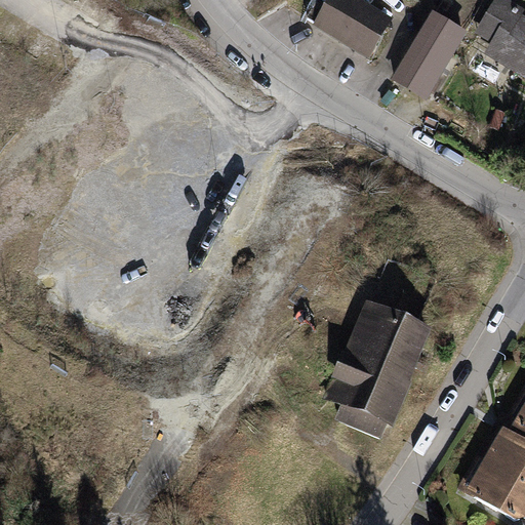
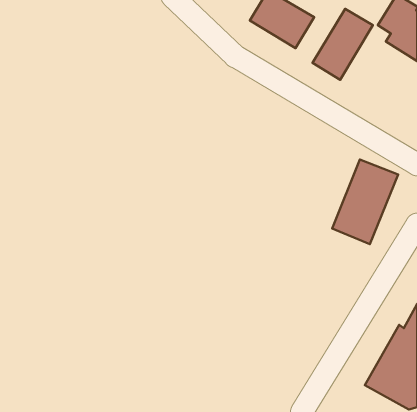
building: none -> [332,159,398,244]
building: [326,294,433,435] -> none

